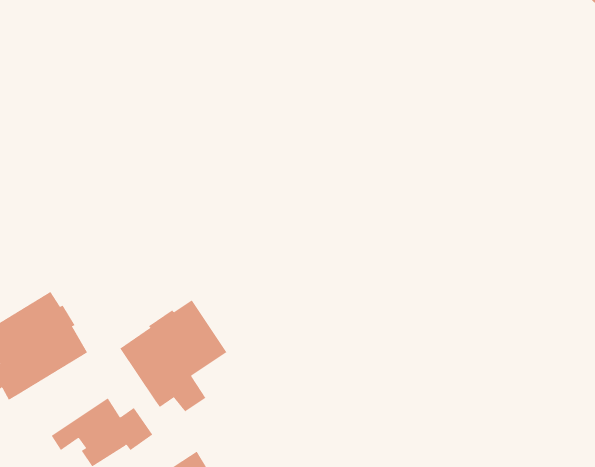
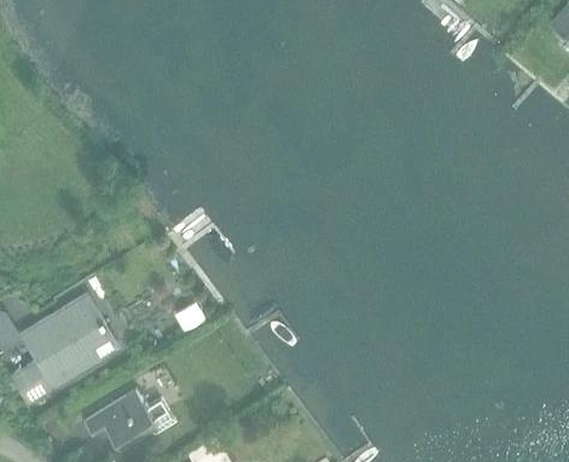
building: [120,300,227,412] -> none

